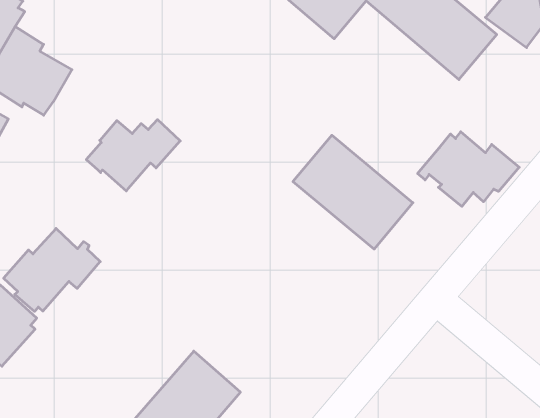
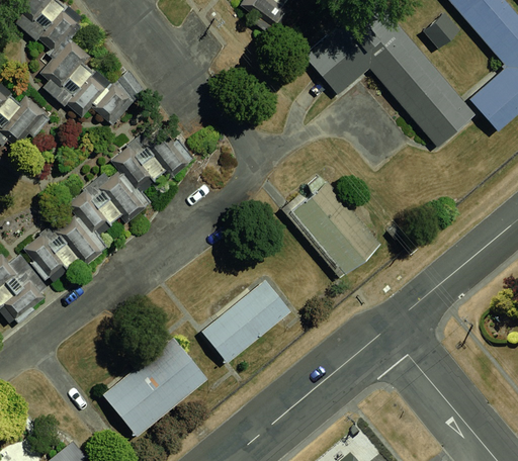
building: none -> [91,70,145,125]
building: [418,132,519,206] -> none
building: none -> [66,171,152,235]
building: none -> [201,280,291,363]

